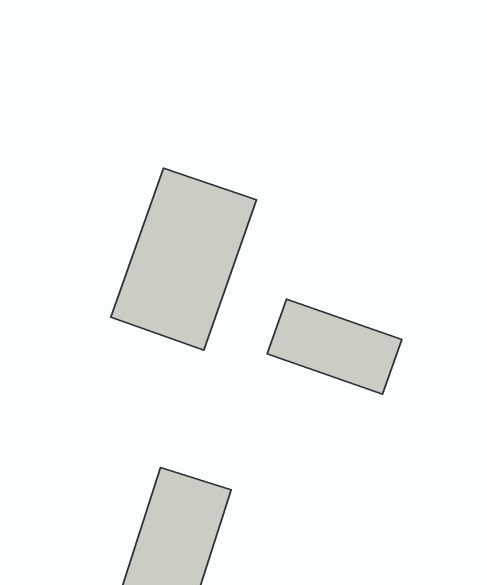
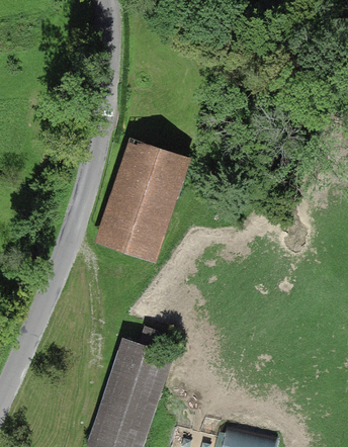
building: [267,299,402,394] -> none

